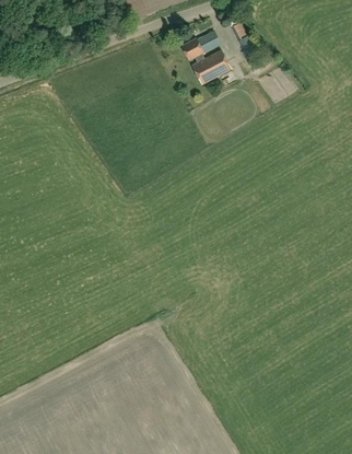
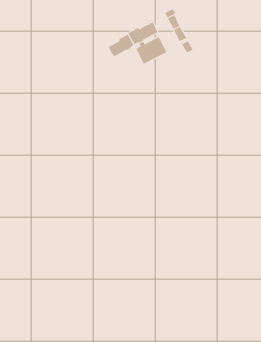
building: none -> [108,34,134,57]

